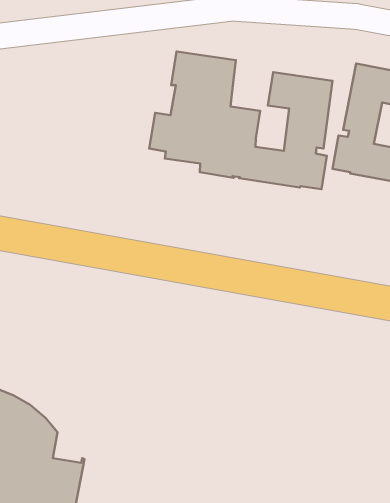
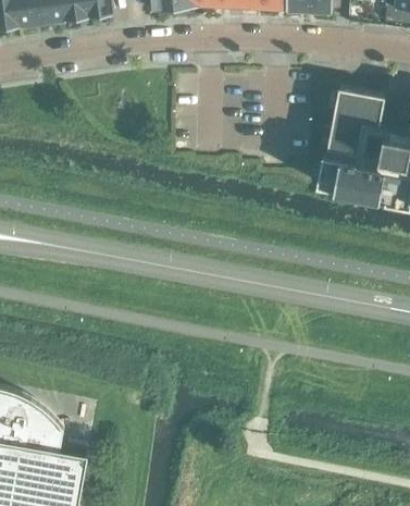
building: [149,52,332,189] -> none

